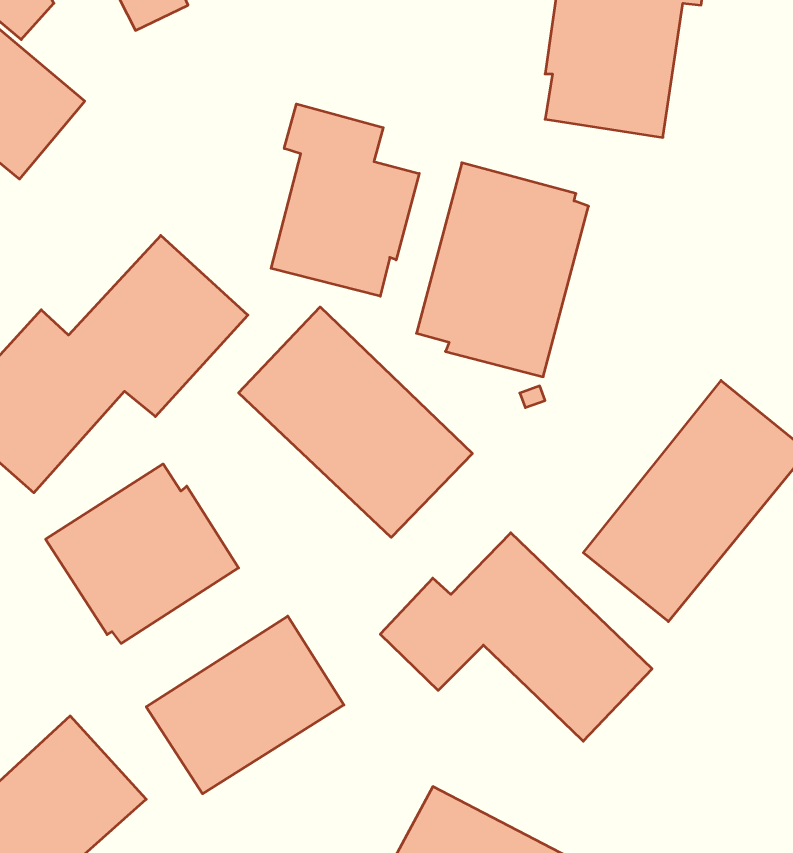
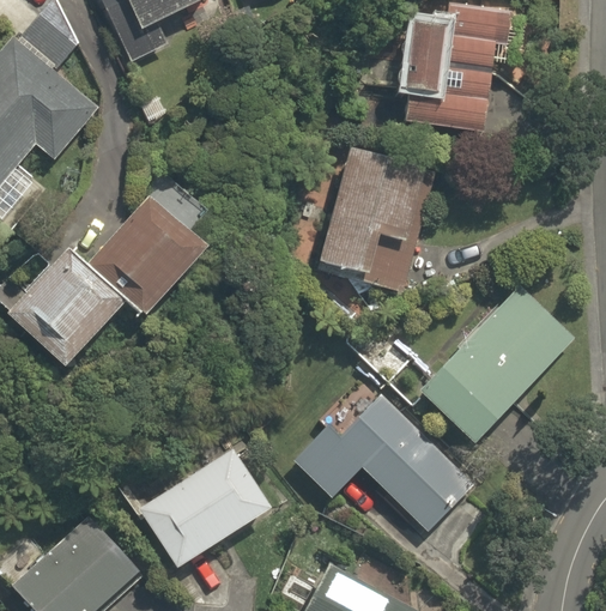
building: [271,104,419,296] -> none
building: [239,307,472,537] -> none
building: [46,464,239,643] -> none

